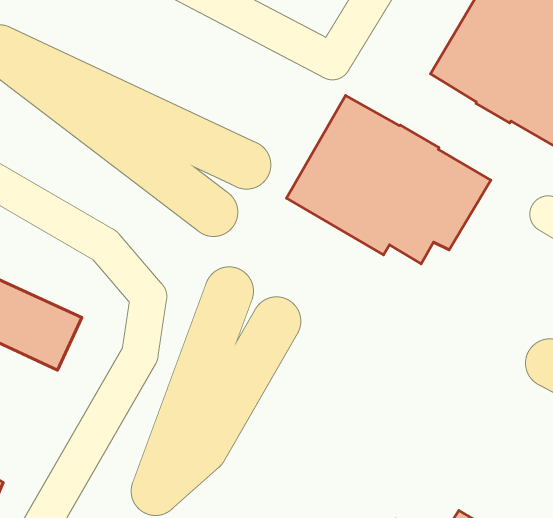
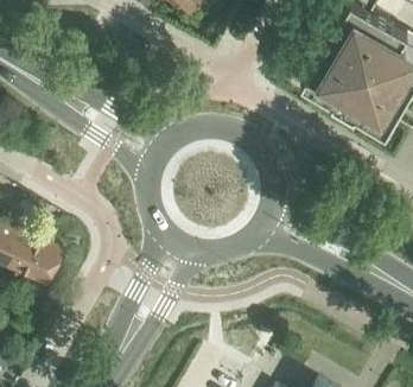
building: [287,95,491,264] -> none

